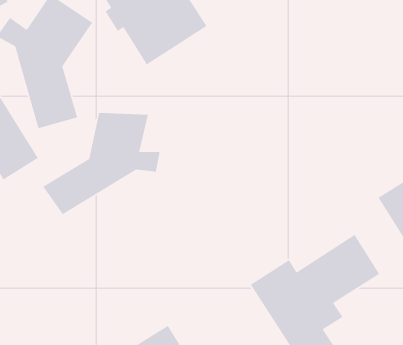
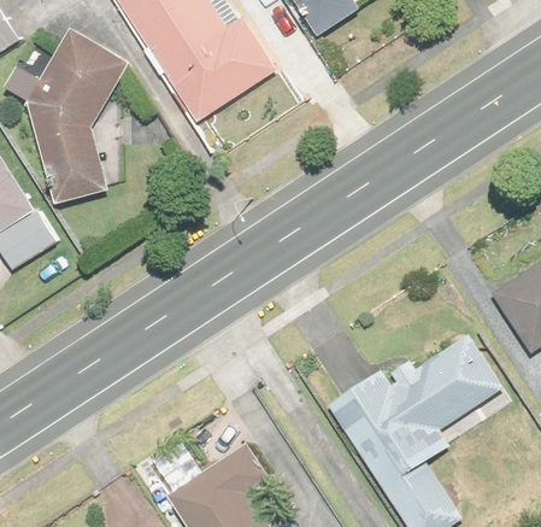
building: [42,112,161,215] -> none

